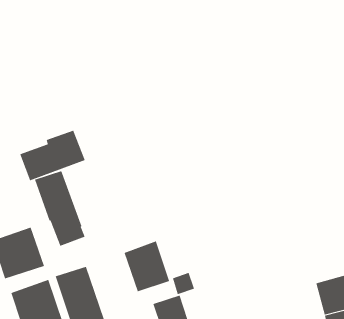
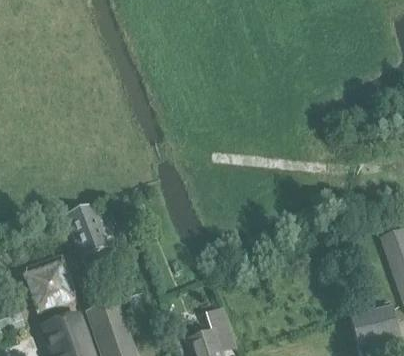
building: [20,130,85,181] -> none
building: [124,241,170,292] -> none

